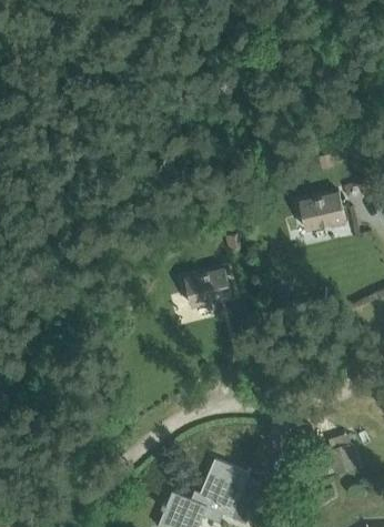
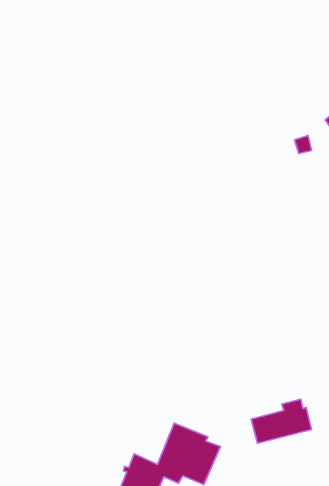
building: [300,191,347,230] -> none
building: [185,267,233,306] -> none

